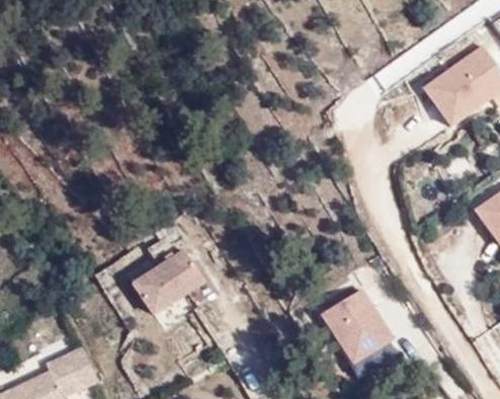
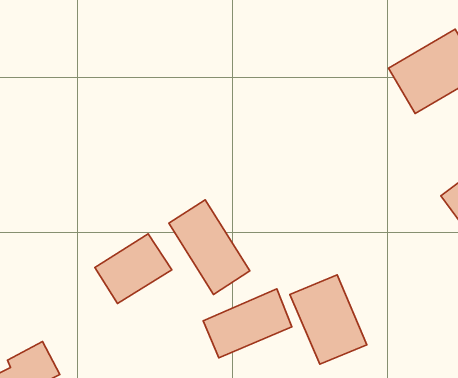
building: none -> [169,200,250,294]
building: none -> [203,289,292,358]

